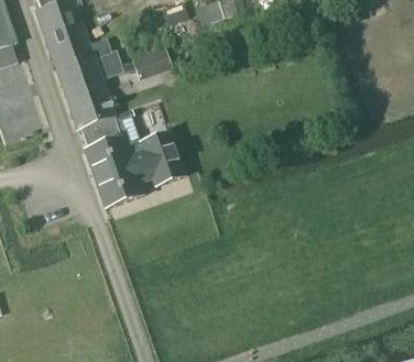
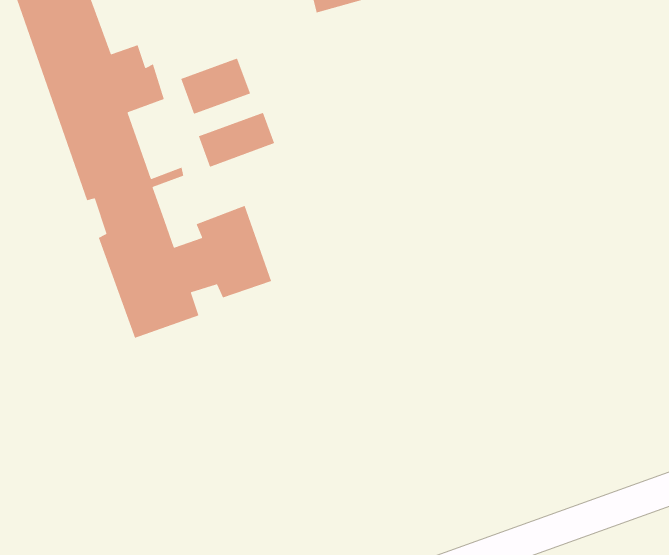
building: none -> [198,112,275,168]

